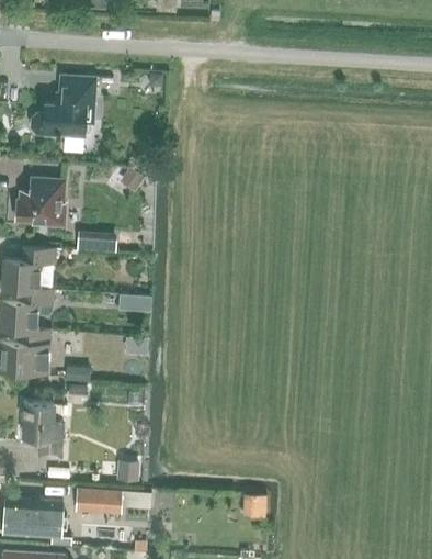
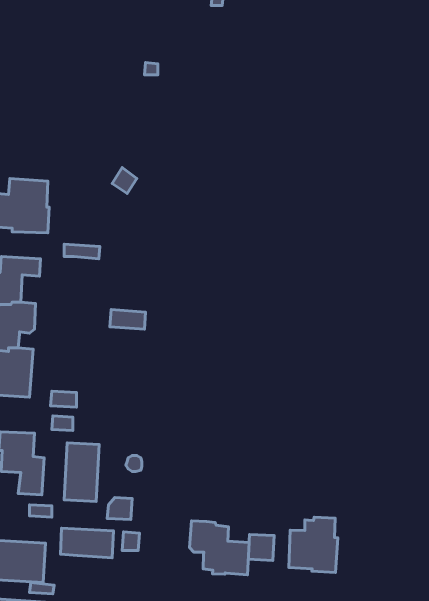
building: [31,76,95,136] -> none
building: none -> [64,443,99,501]
building: none -> [289,517,338,573]
building: none -> [189,521,249,575]

